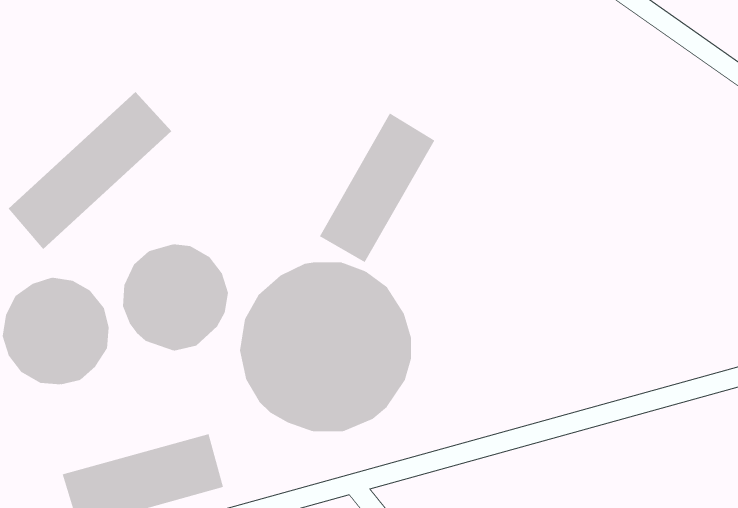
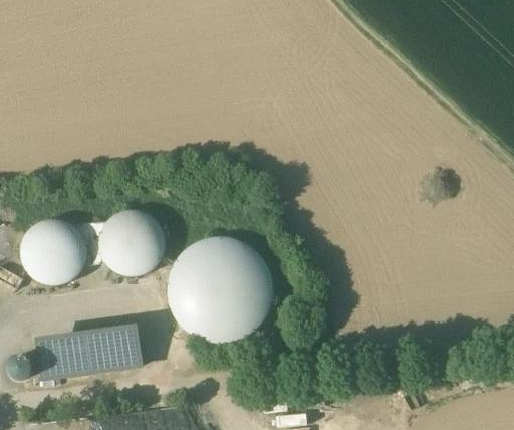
building: [8,91,172,250] -> none
building: [319,112,435,263] -> none

